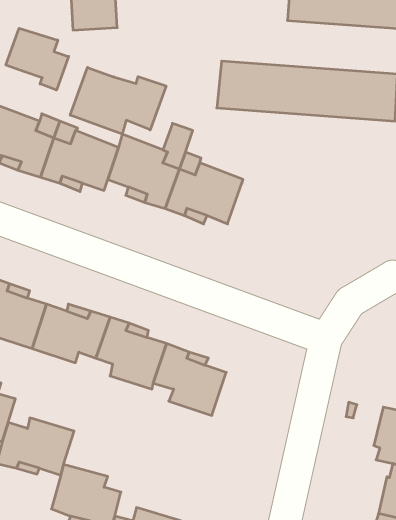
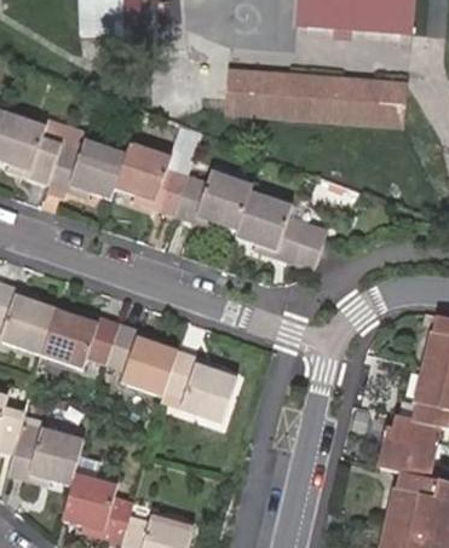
building: [6,28,69,90] -> none
building: [70,67,166,134] -> none
building: none -> [232,189,329,271]

